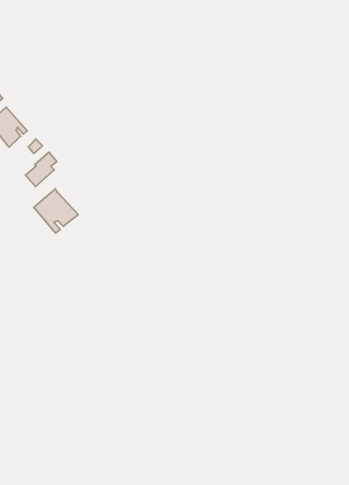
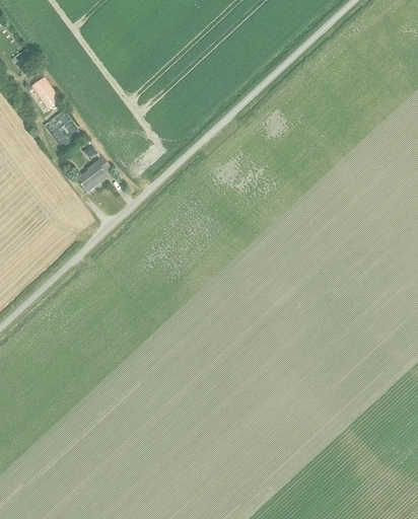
building: [34,189,78,233] -> none

